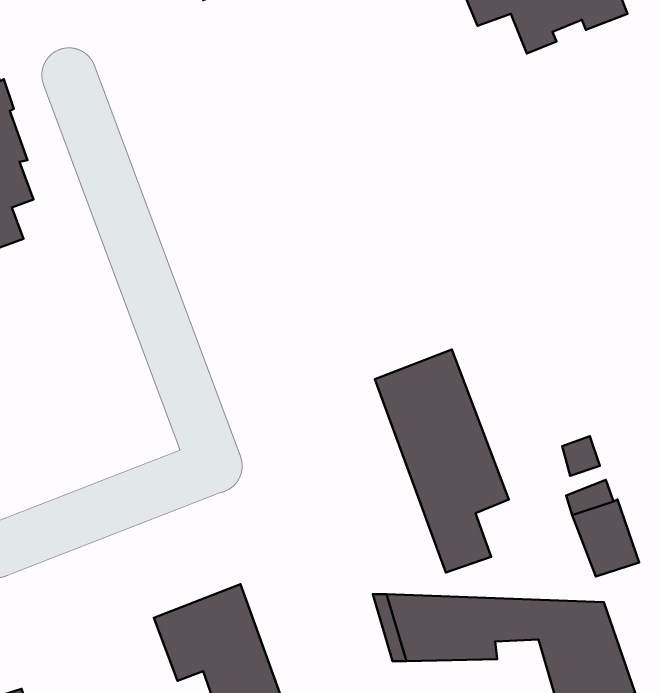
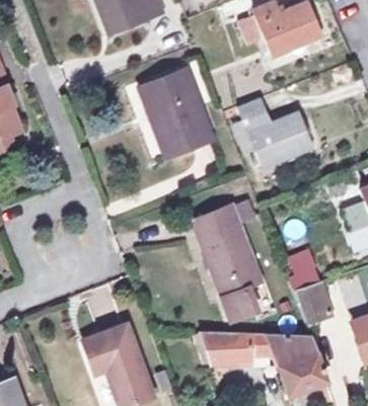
building: none -> [140,71,214,158]
building: none -> [235,95,319,167]

